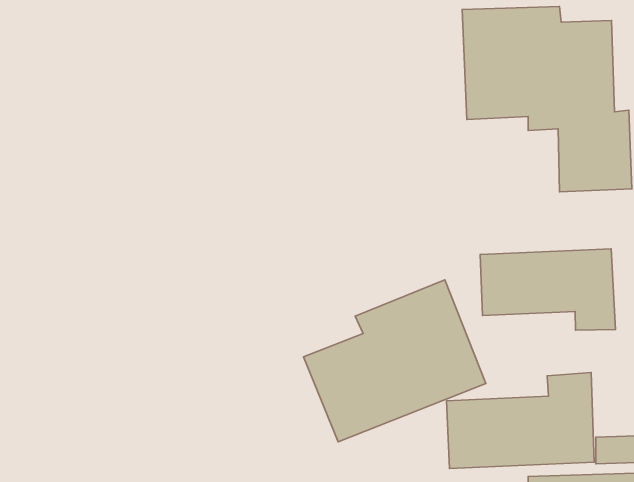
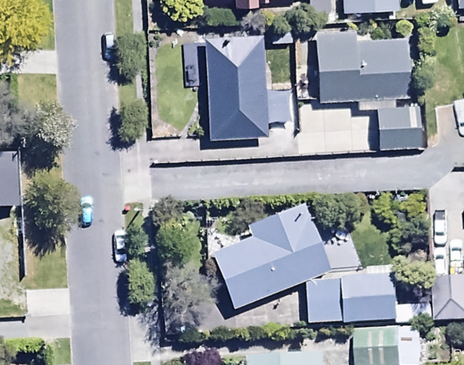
building: none -> [205,30,291,140]
building: [480,249,615,330] -> none

